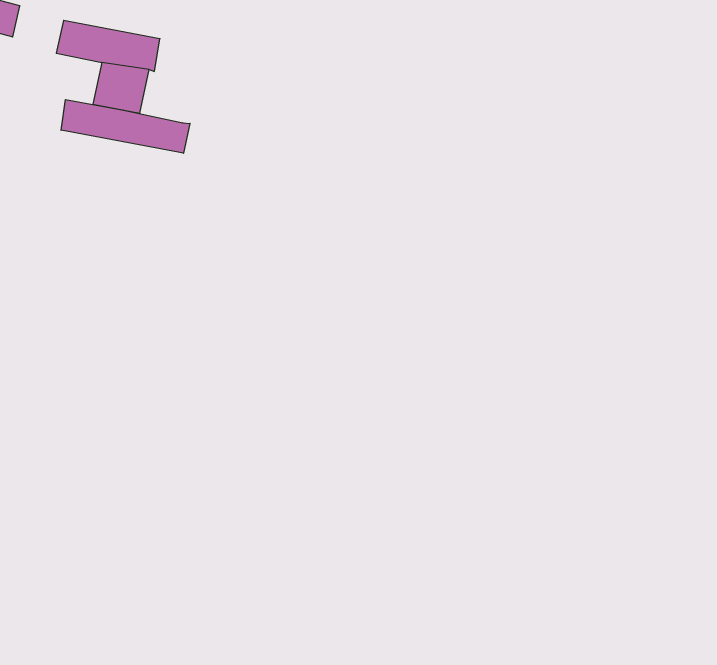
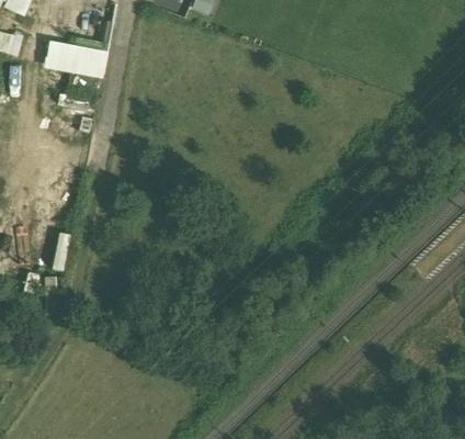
building: [61,100,190,153] -> none

